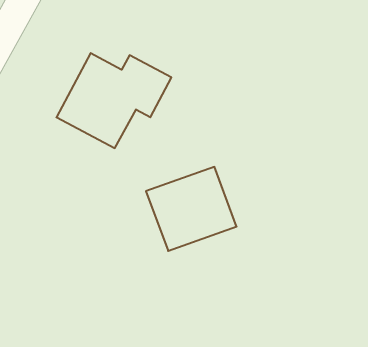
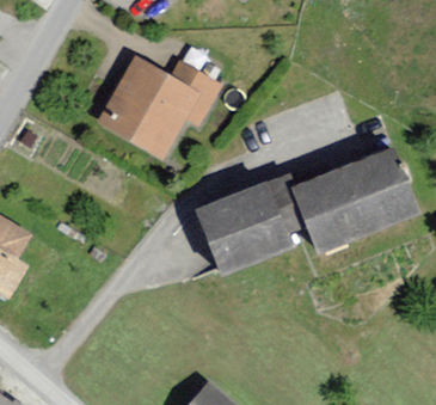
building: none -> [291,146,417,250]

